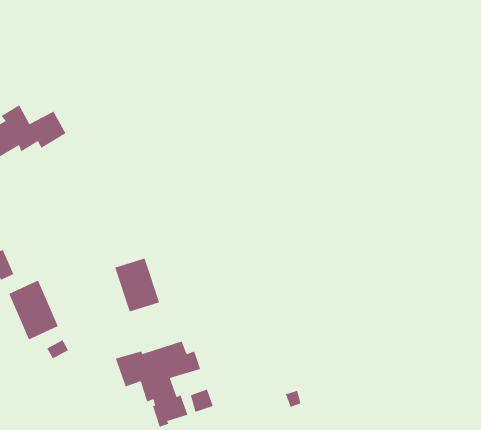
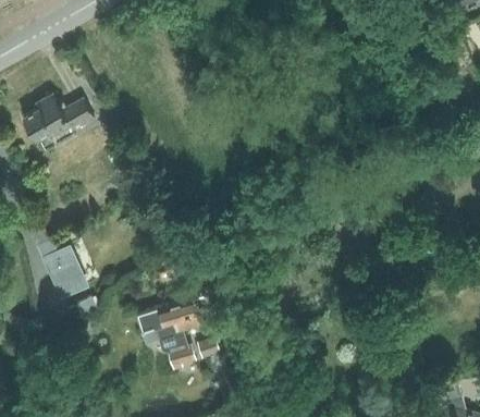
building: [114,257,160,312] -> none

